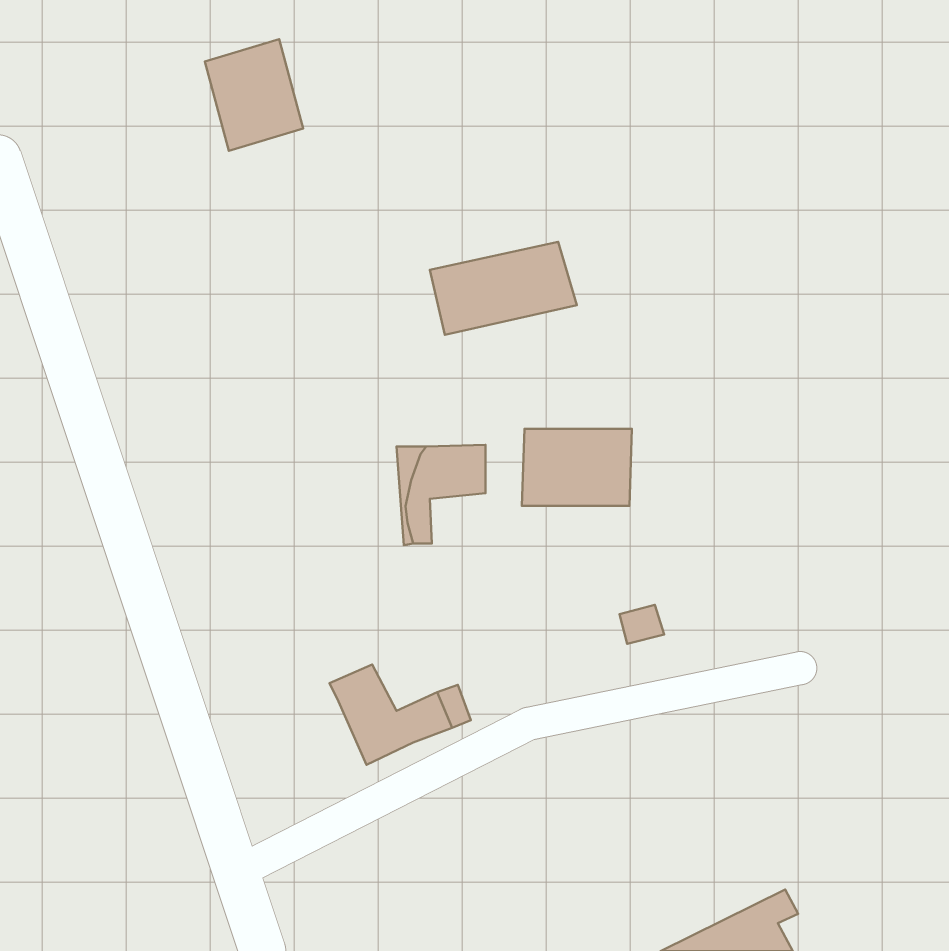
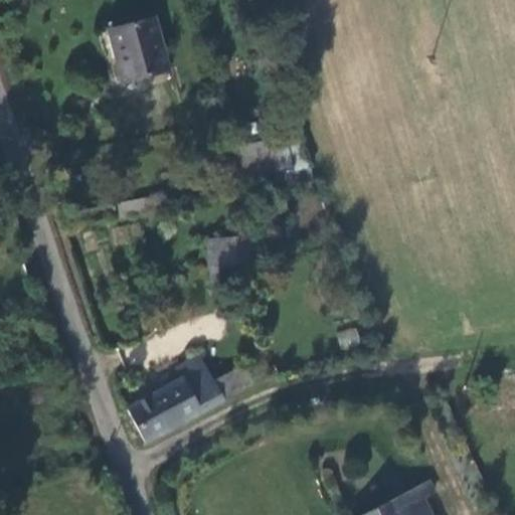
building: [522,429,632,506] -> none
building: none -> [127,379,198,441]

